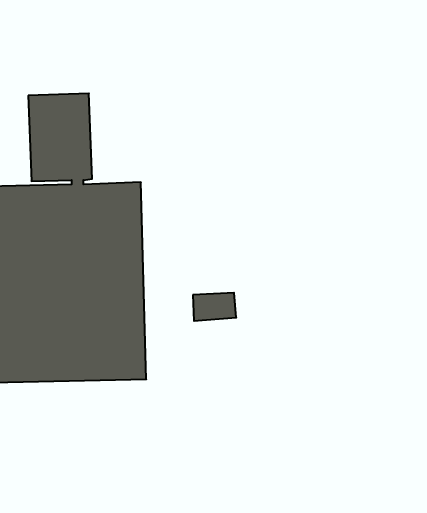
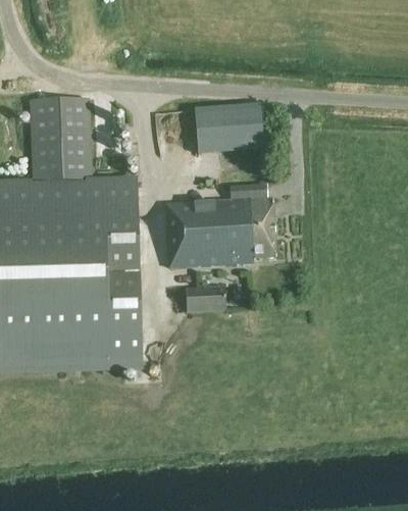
building: none -> [193,103,263,152]
building: none -> [159,182,274,267]

